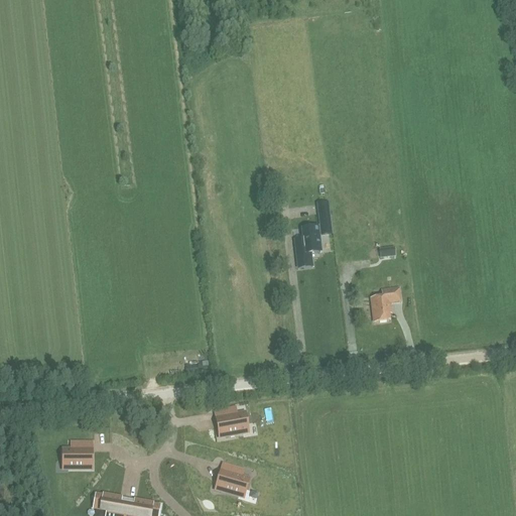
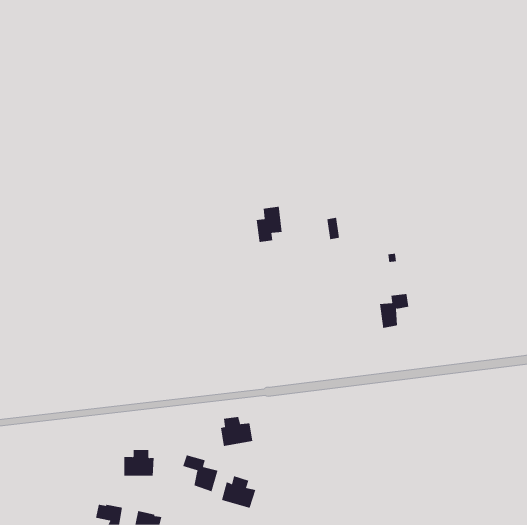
building: [294,224,320,259] -> [256,206,283,242]
building: [62,440,93,467] -> [123,449,154,476]
building: none -> [183,454,218,492]

